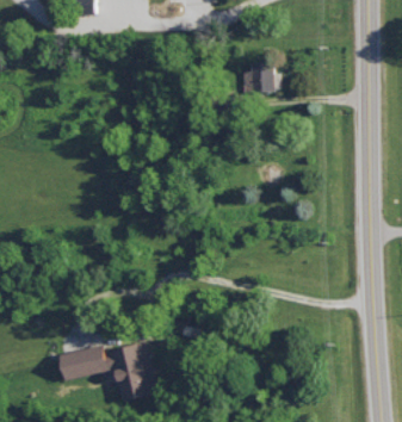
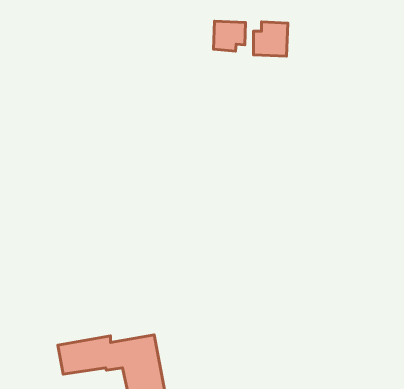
building: none -> [214,21,245,51]

